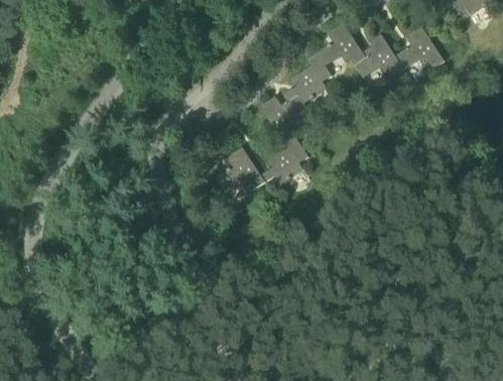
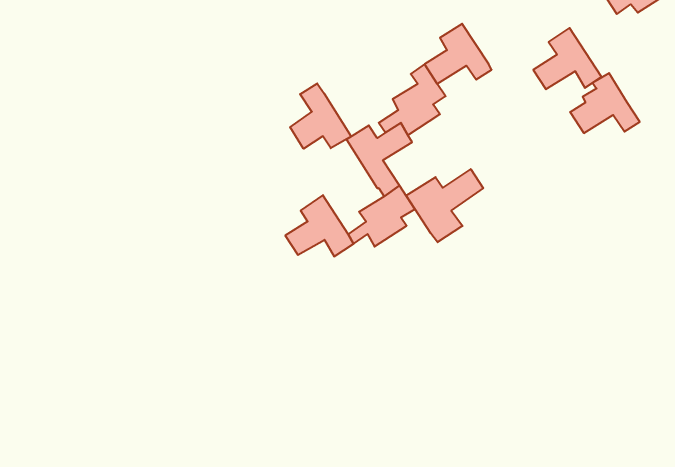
building: [353,34,403,78] -> [570,73,640,133]
building: none -> [290,83,351,149]
building: none -> [406,169,483,242]

